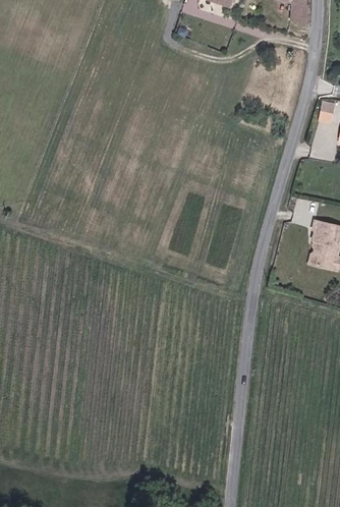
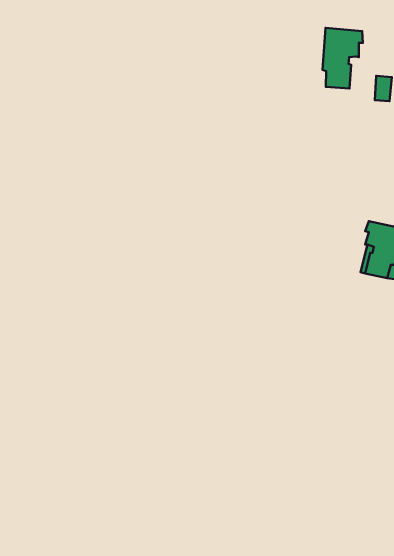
building: none -> [323,28,363,89]

